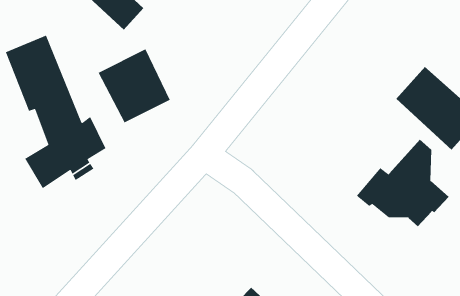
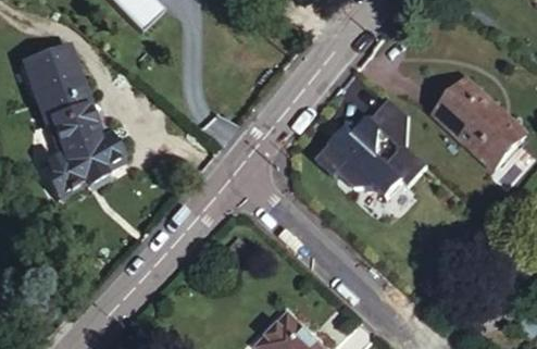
building: [98,48,171,124] -> none
building: [356,139,449,227] -> [324,96,424,190]

